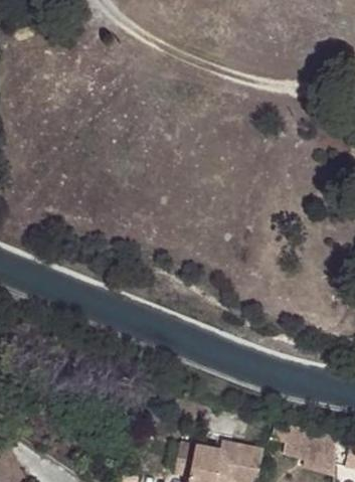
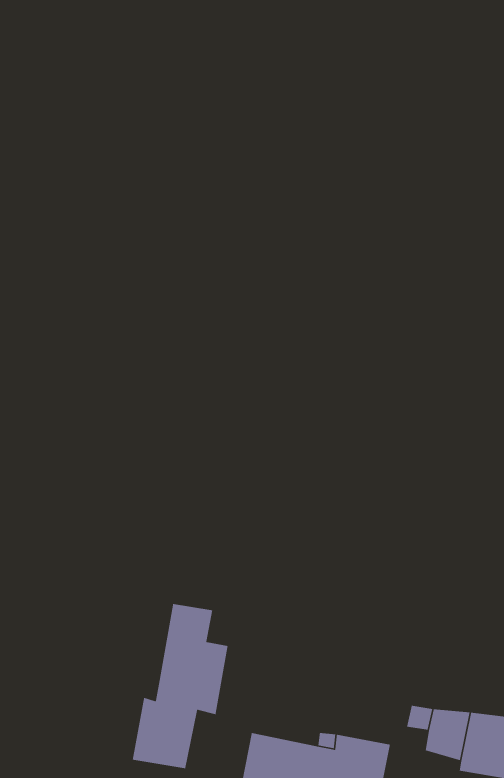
building: none -> [132,603,229,769]

